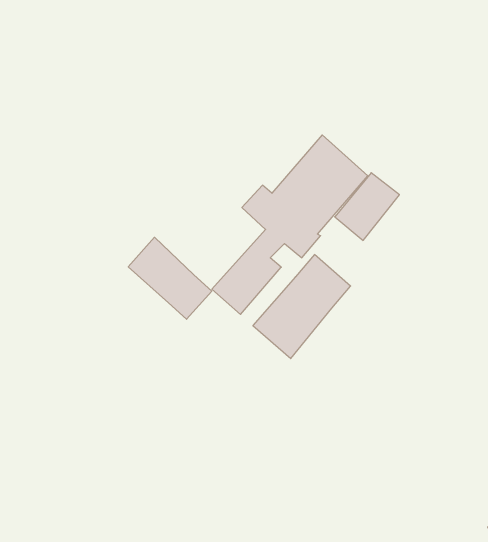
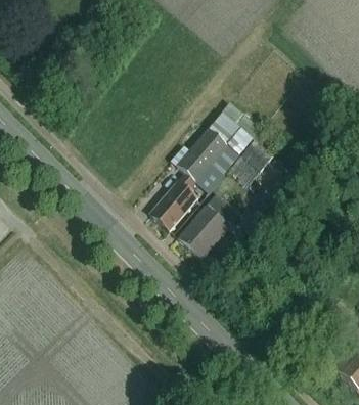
building: [128,237,212,319] -> none

